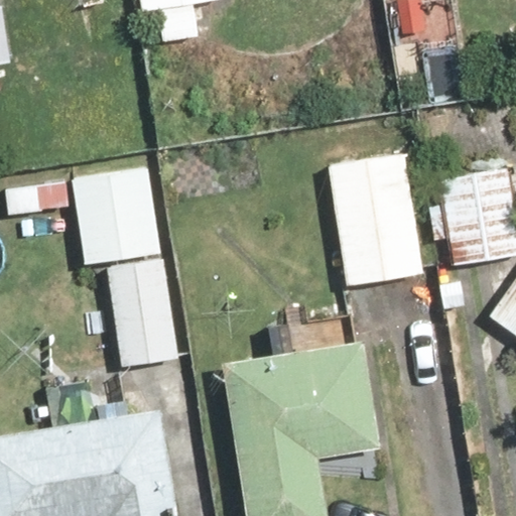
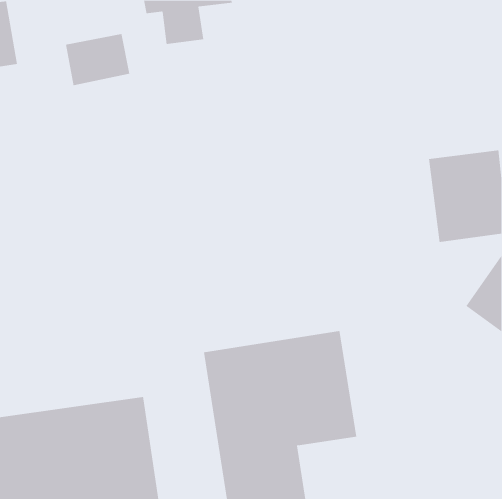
building: [336,162,436,293] -> none
building: [16,169,185,372] -> none

